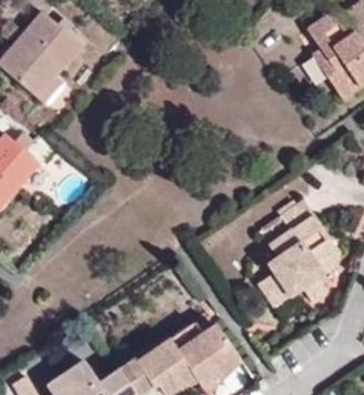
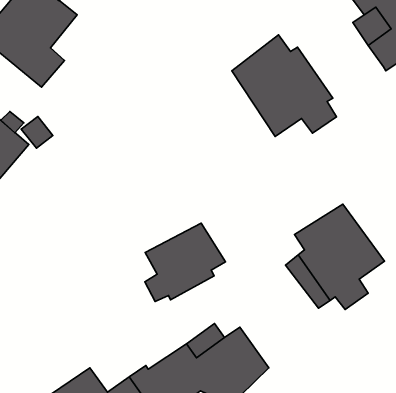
building: none -> [232,35,337,137]
building: none -> [145,223,225,302]

